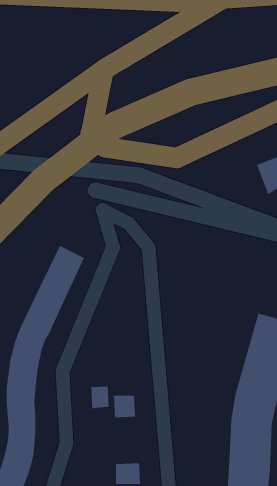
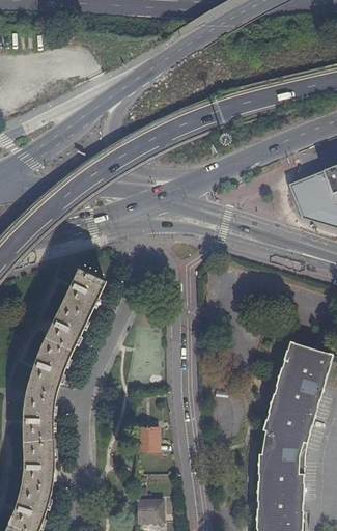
building: [91,386,109,409] -> none

